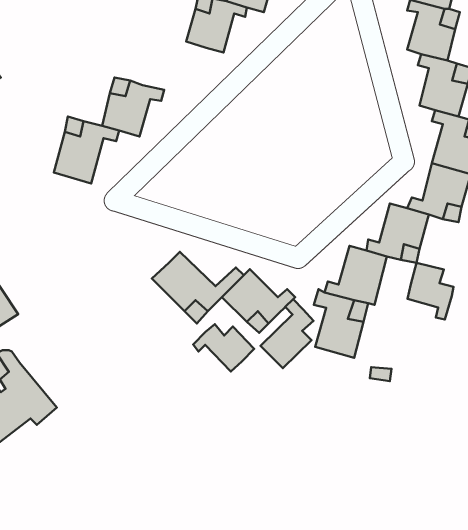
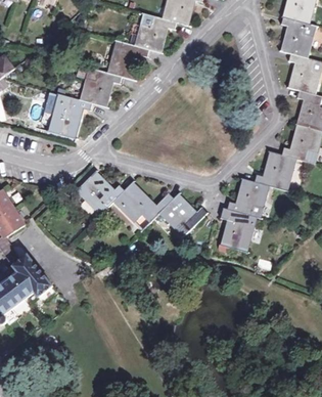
building: none -> [107,40,149,80]
building: none -> [77,172,125,214]
building: [407,263,454,320] -> none
building: [260,299,314,368] -> none
building: [193,324,254,372] -> none

